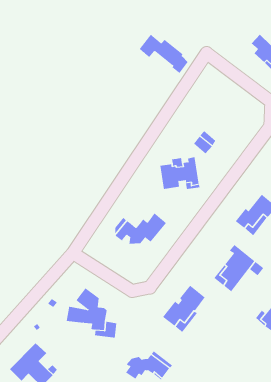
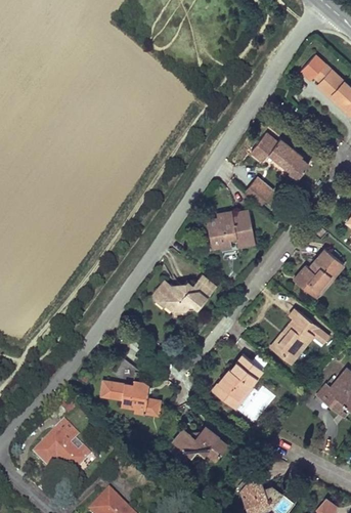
building: [139,34,189,74] -> [254,132,311,178]

